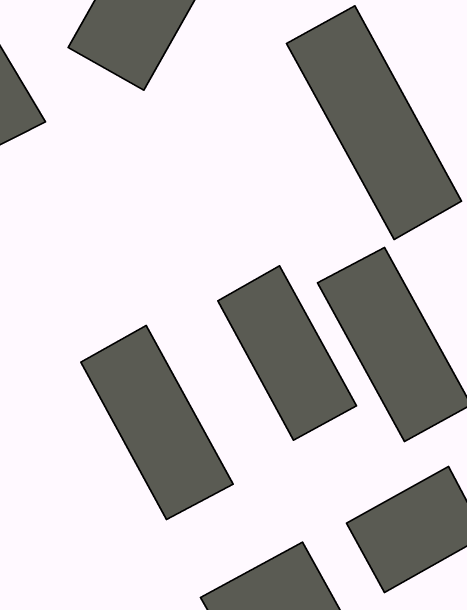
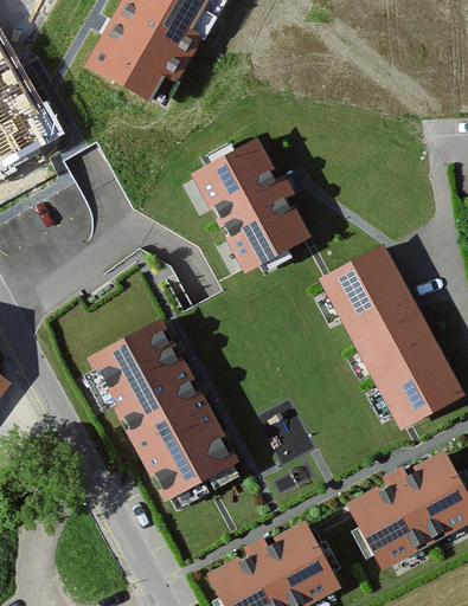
building: [287,6,461,240] -> none
building: none -> [192,141,310,273]
building: [218,266,356,440] -> none

